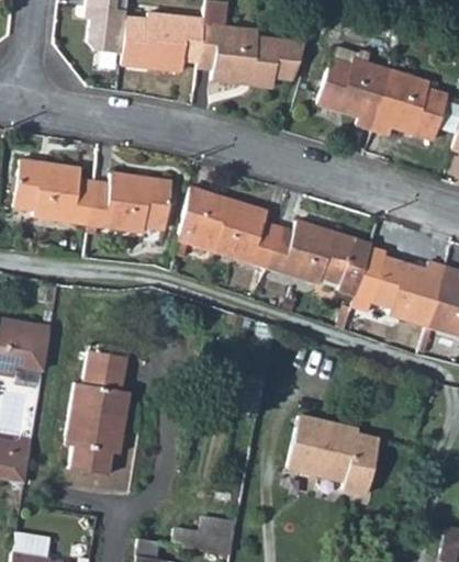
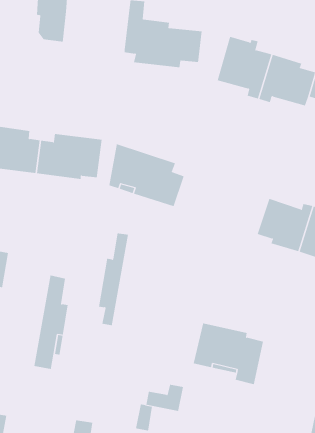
building: [121,11,205,74] -> none
building: [265,222,369,297] -> none
building: [65,352,104,472] -> [98,233,129,326]
building: [171,517,221,552] -> [146,384,184,412]

